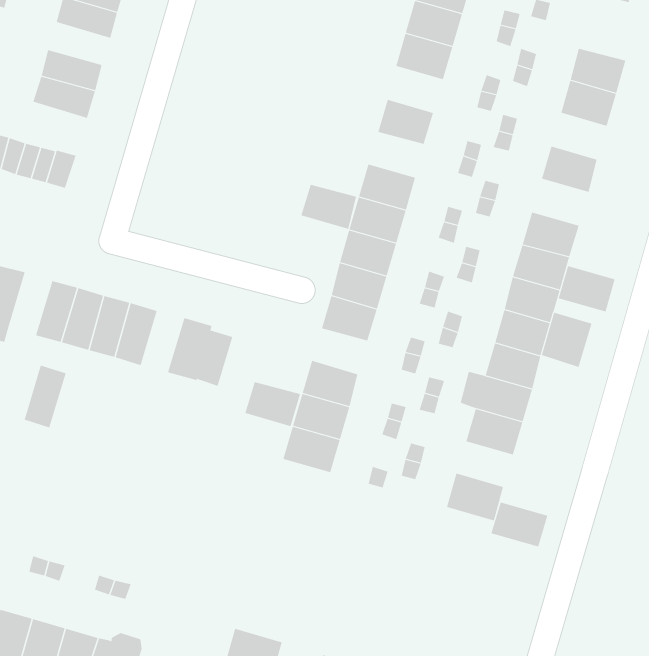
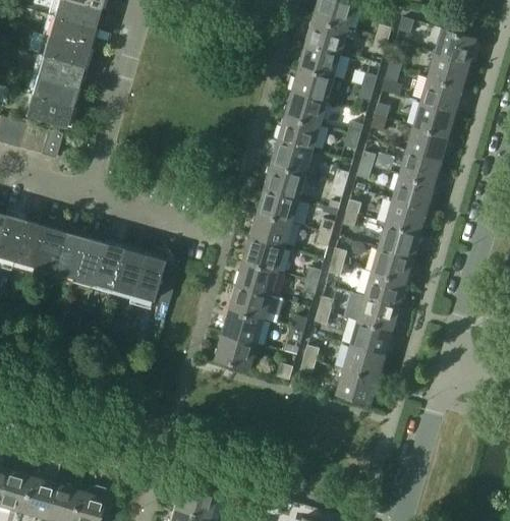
building: none -> [434,28,476,63]
building: none -> [41,35,88,66]
building: none -> [292,67,334,102]
building: none -> [23,94,70,127]
building: none -> [413,102,455,136]
building: [301,184,357,229] -> [278,116,320,150]
building: [558,265,616,312] -> [399,151,442,185]
building: none -> [110,248,141,294]
building: [541,312,592,368] -> none
building: [24,365,66,428] -> [12,220,44,267]
building: [245,382,301,427] -> [236,262,278,295]
building: [491,502,548,547] -> [343,345,386,379]

